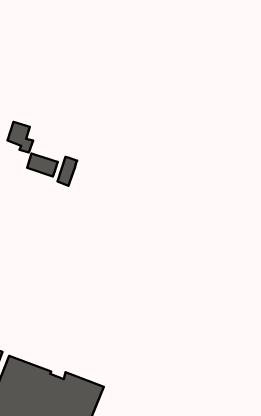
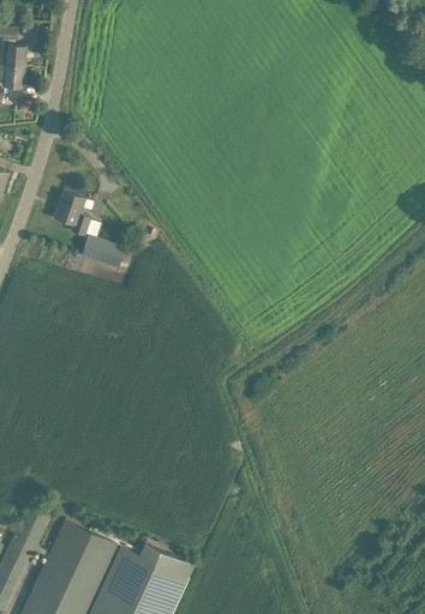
building: [57,157,77,186] -> none

